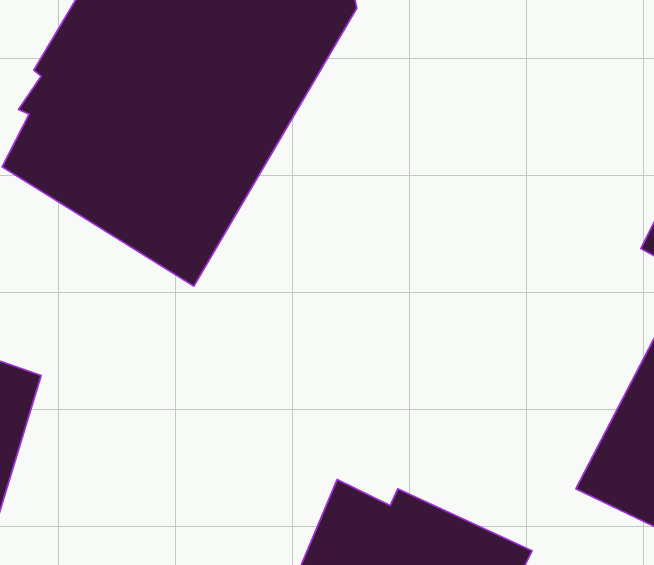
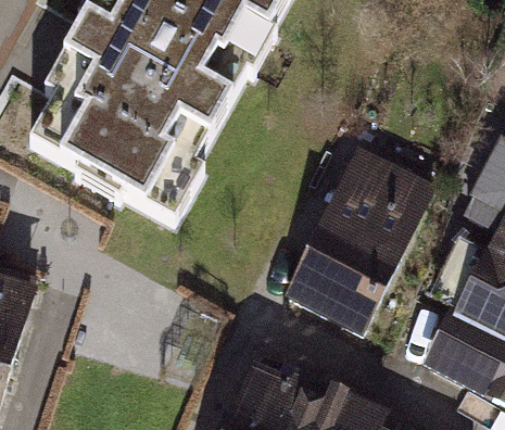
building: none -> [283,147,437,339]

